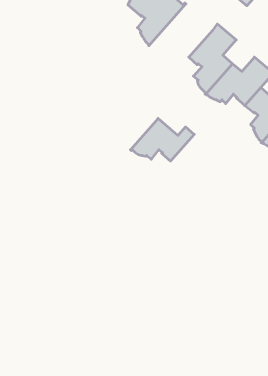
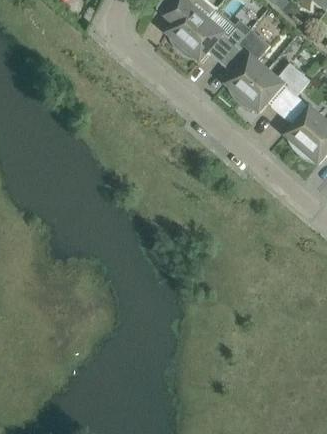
building: [130,118,194,161] -> [179,18,246,63]

